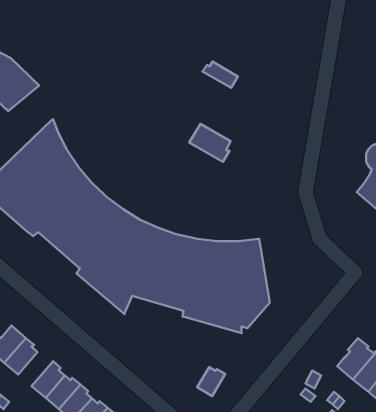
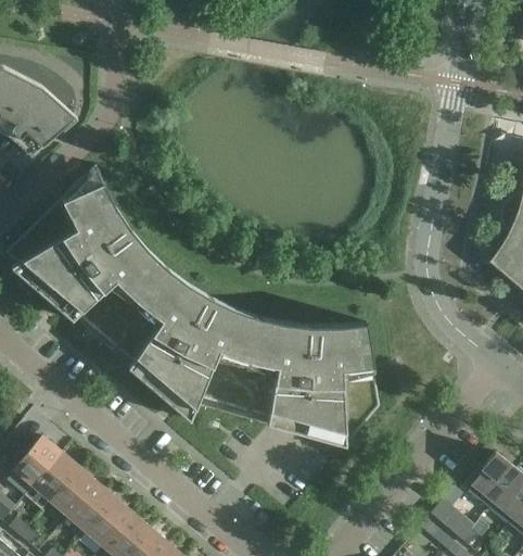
building: [203,61,238,88] -> none
building: [189,124,230,162] -> none
building: none -> [51,471,97,516]
building: [197,367,225,396] -> none

